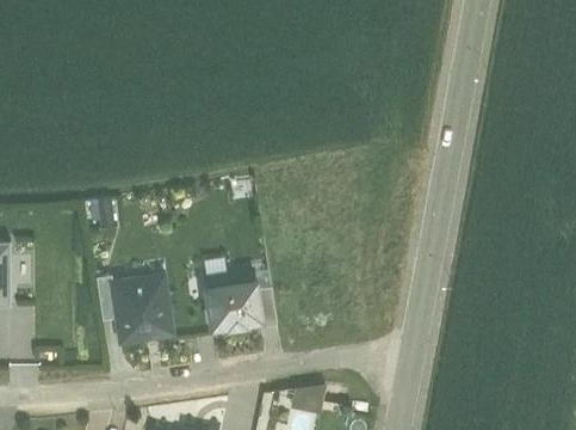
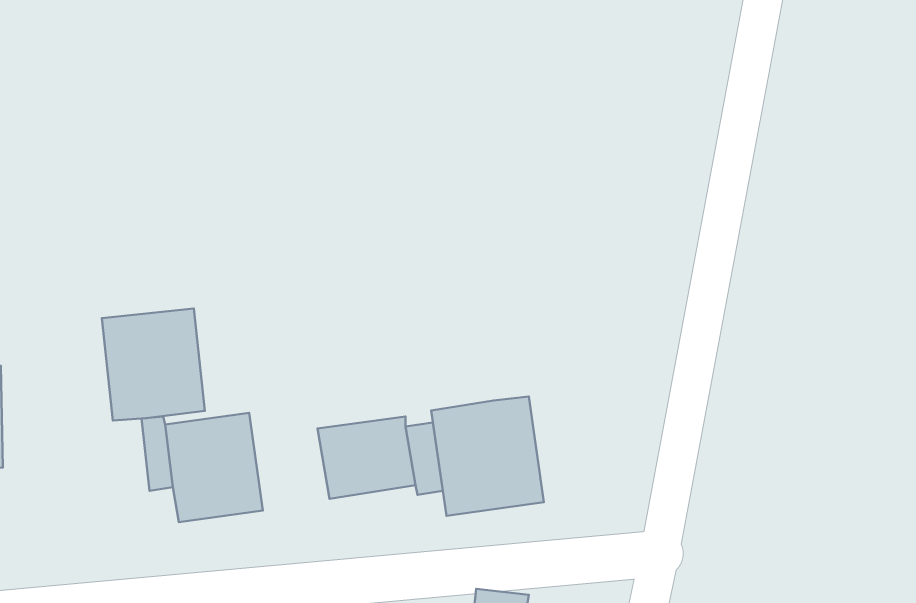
building: none -> [102,308,205,421]
building: none -> [431,397,544,516]

